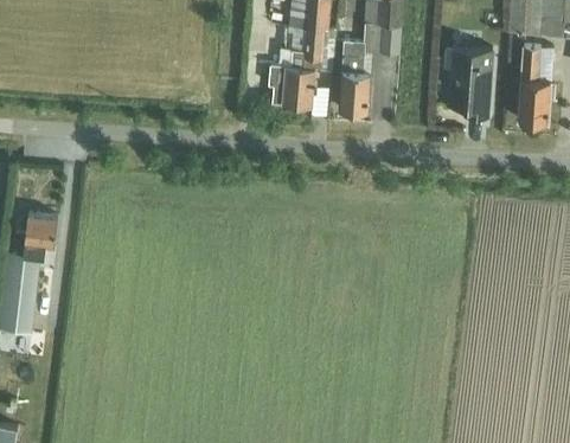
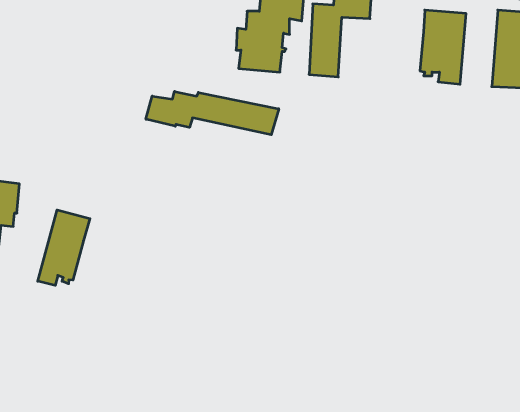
building: none -> [146,91,279,135]
building: none -> [38,210,90,285]

